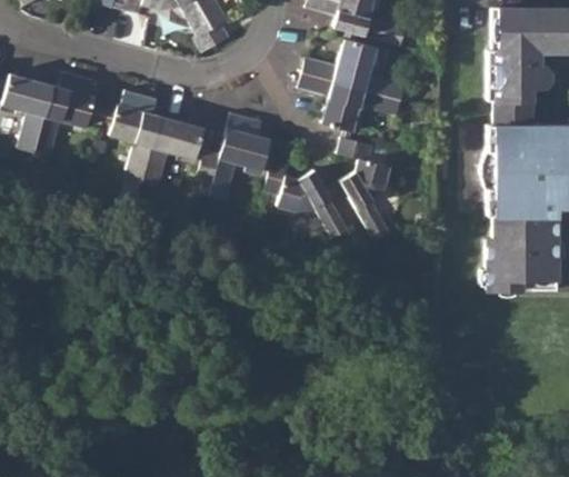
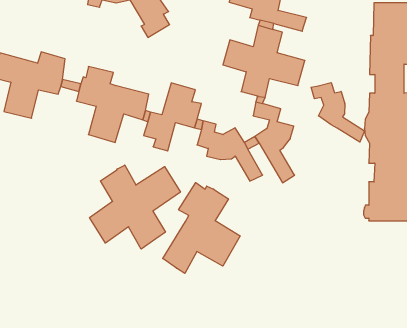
building: none -> [311,83,364,142]
building: none -> [90,165,180,249]
building: none -> [163,183,240,273]

